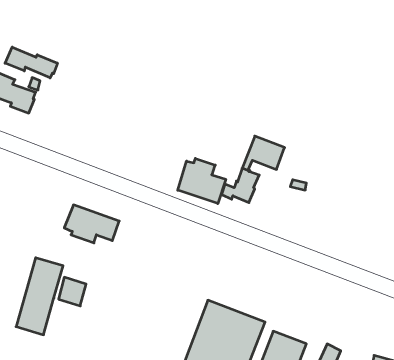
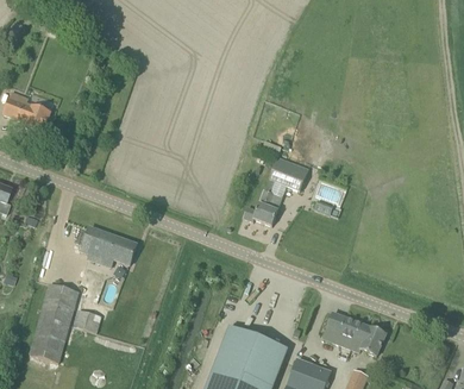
building: [5,47,57,78] -> none
building: [178,158,226,204] -> none
building: none -> [324,312,387,355]

